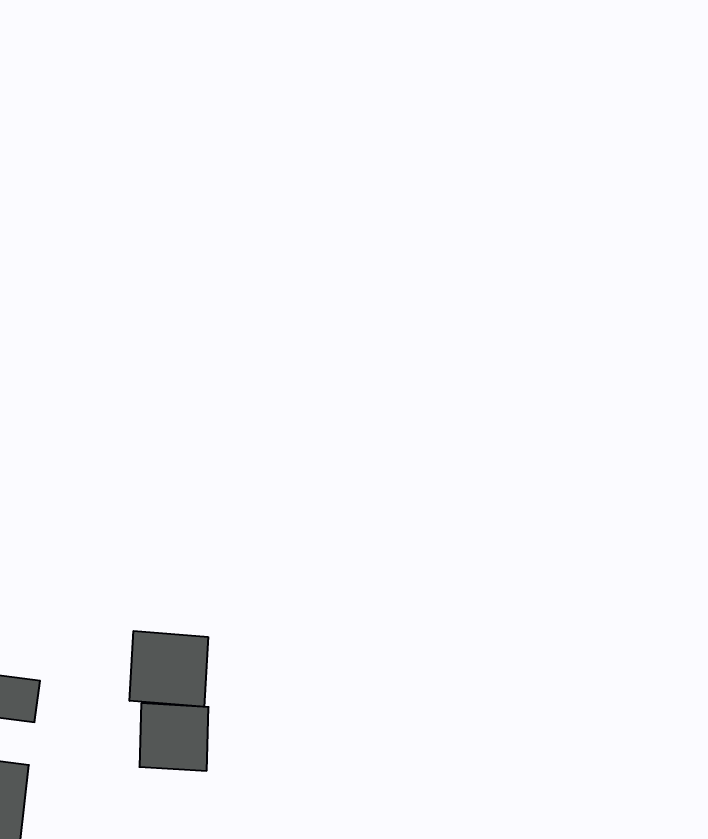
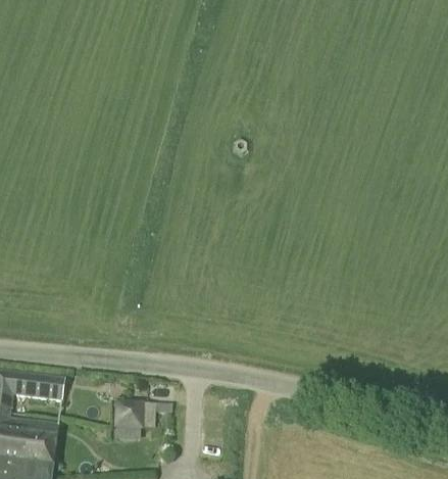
building: [130,631,208,707] -> none

